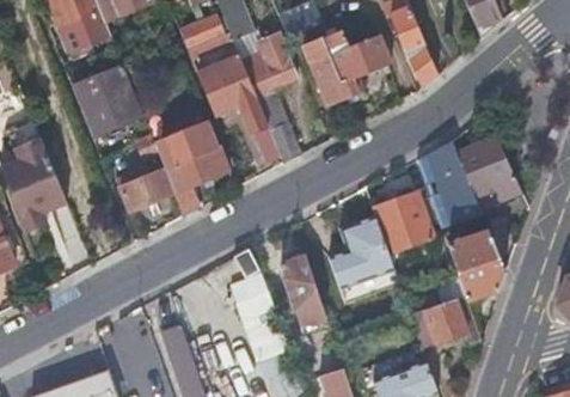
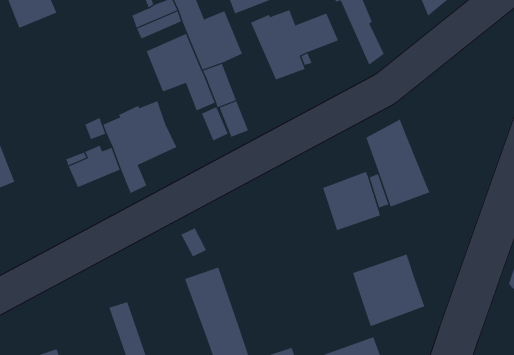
building: [72,66,141,145] -> none
building: [455,135,519,202] -> none
building: [331,213,392,282] -> none
building: [447,228,504,301] -> none
building: [280,257,329,335] -> none

